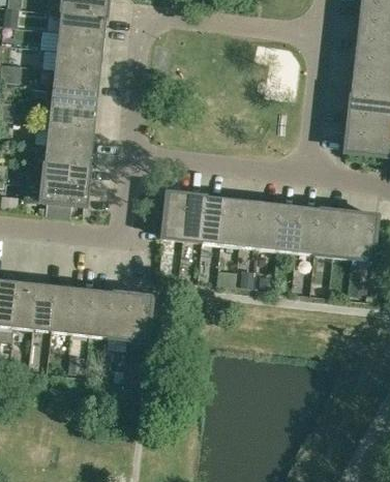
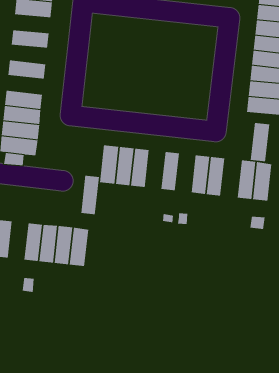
building: [56,30,103,53] -> none
building: [52,67,99,91] -> none
building: [48,104,95,128] -> none
building: [219,197,243,245] -> [80,175,100,215]
building: [257,201,280,249] -> none
building: [312,207,337,255] -> [250,122,270,162]
building: [51,284,74,332] -> none

